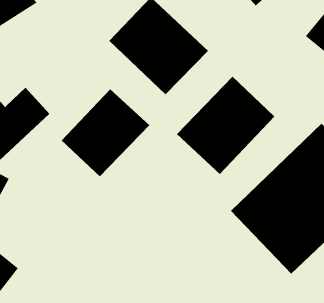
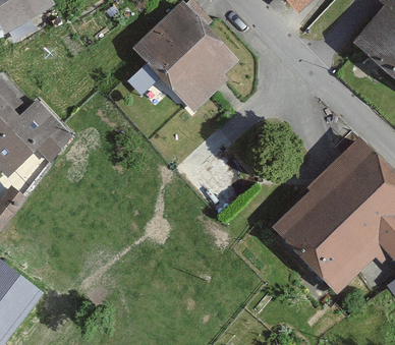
building: [176,76,275,175] -> none
building: [61,88,150,177] -> none

